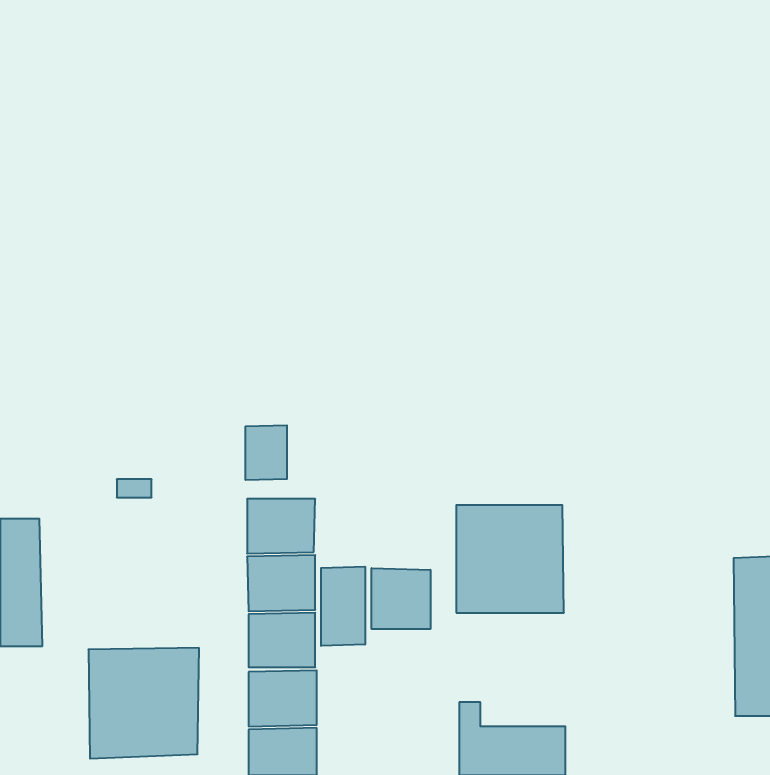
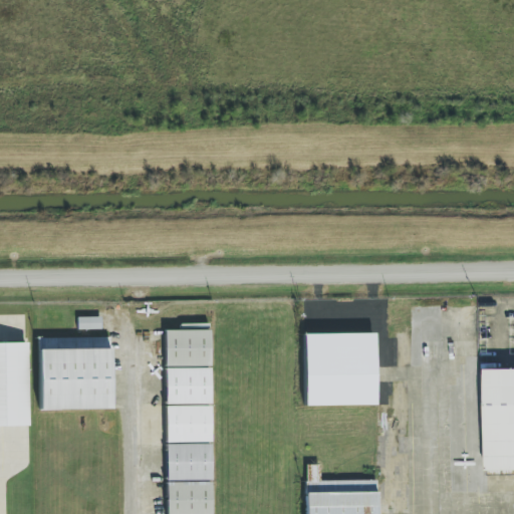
building: [246,425,287,480] -> none
building: [321,567,365,646] -> none
building: [372,568,430,629] -> none
building: [88,648,199,759] -> [40,337,113,411]

